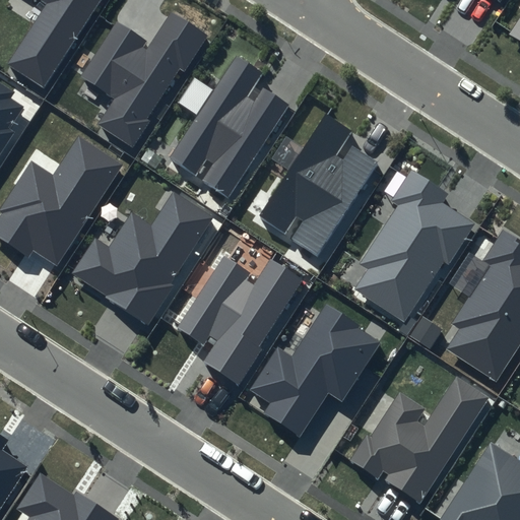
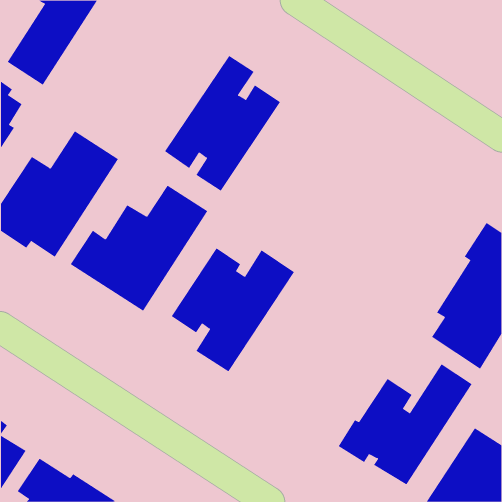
building: [82,12,207,146] -> none
building: [257,114,379,255] -> none
building: [355,168,474,321] -> none
building: [250,305,382,437] -> none

